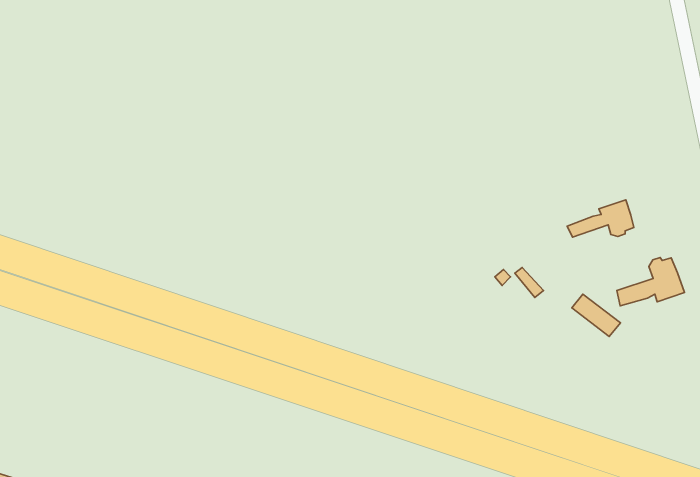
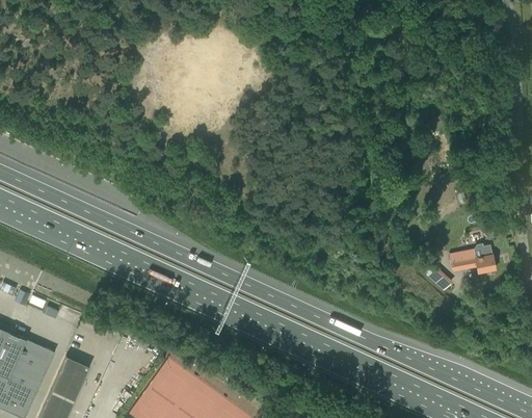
building: [567,200,634,237] -> none

